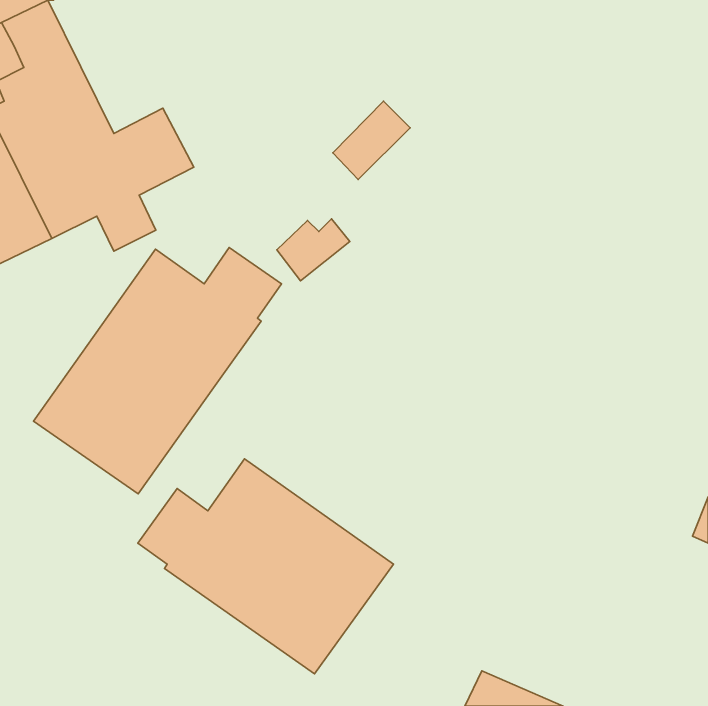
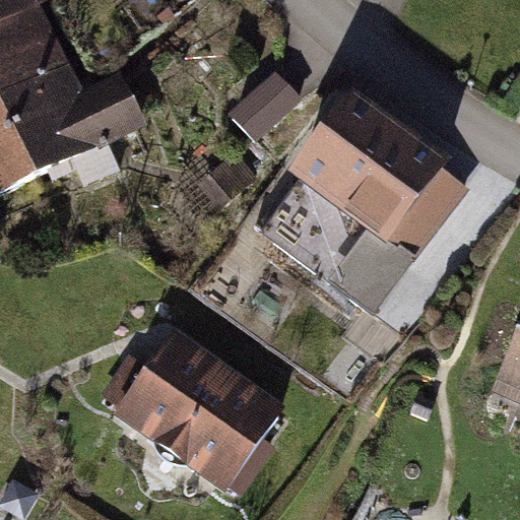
building: none -> [274,95,450,310]
building: [34,248,282,494] -> none

